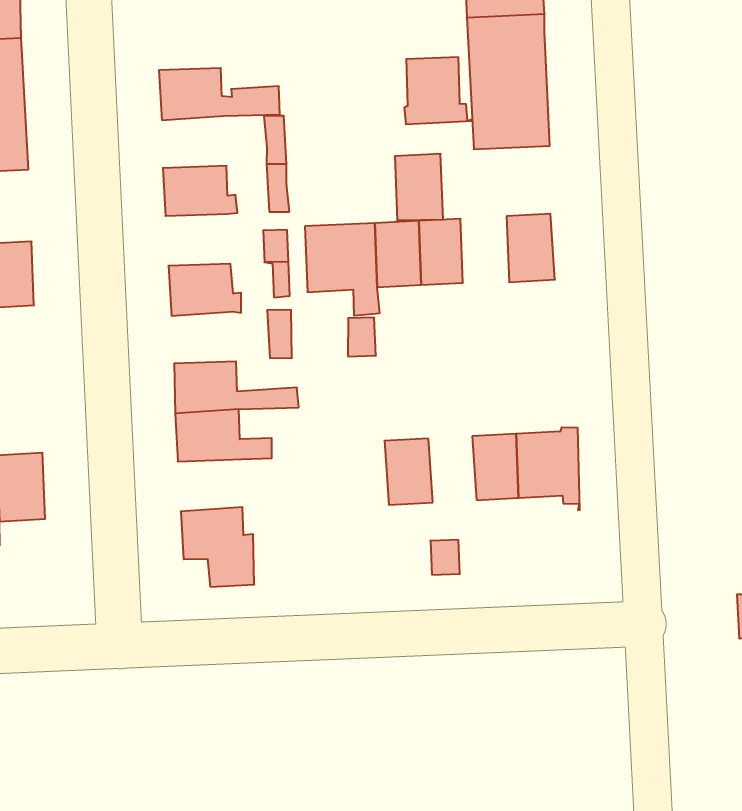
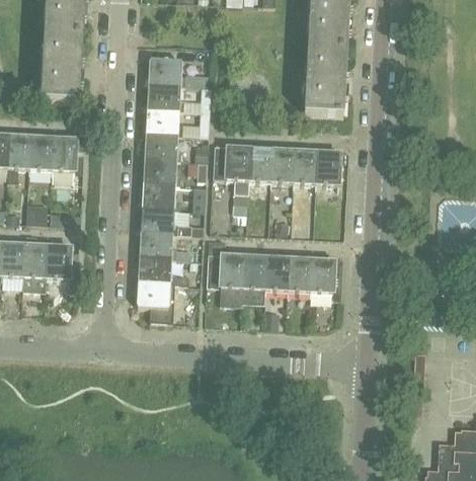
building: [405,57,472,124] -> none
building: none -> [147,83,183,109]
building: [395,154,443,220] -> [293,148,318,182]
building: none -> [145,132,181,159]
building: none -> [143,182,179,209]
building: none -> [266,257,290,291]
building: none -> [208,254,245,301]
building: none -> [139,256,183,284]

